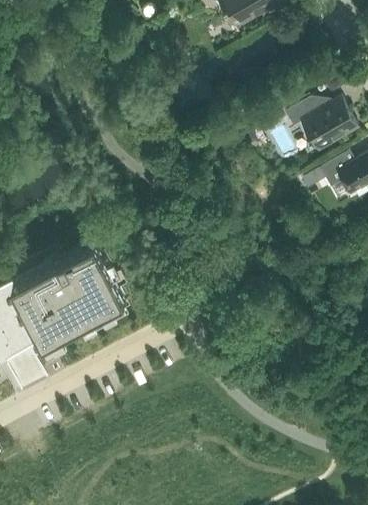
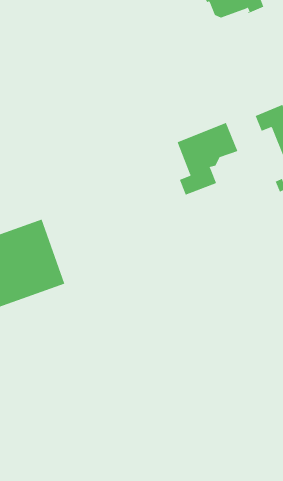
building: none -> [177,122,238,195]

